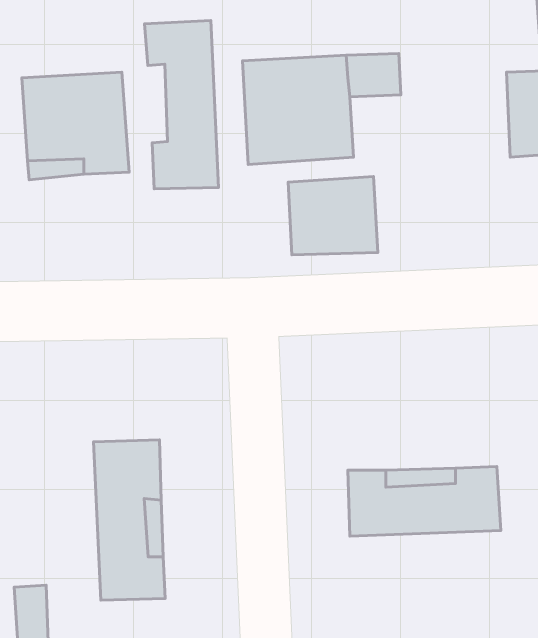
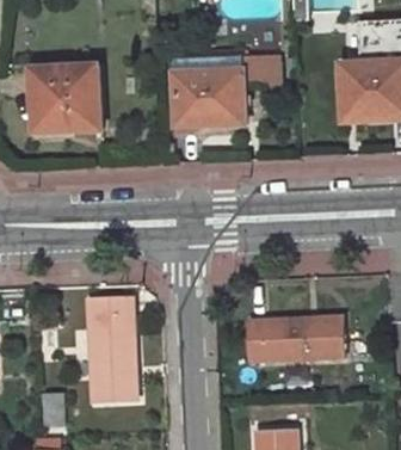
building: [145,20,219,189] -> none
building: [288,177,378,255] -> none

